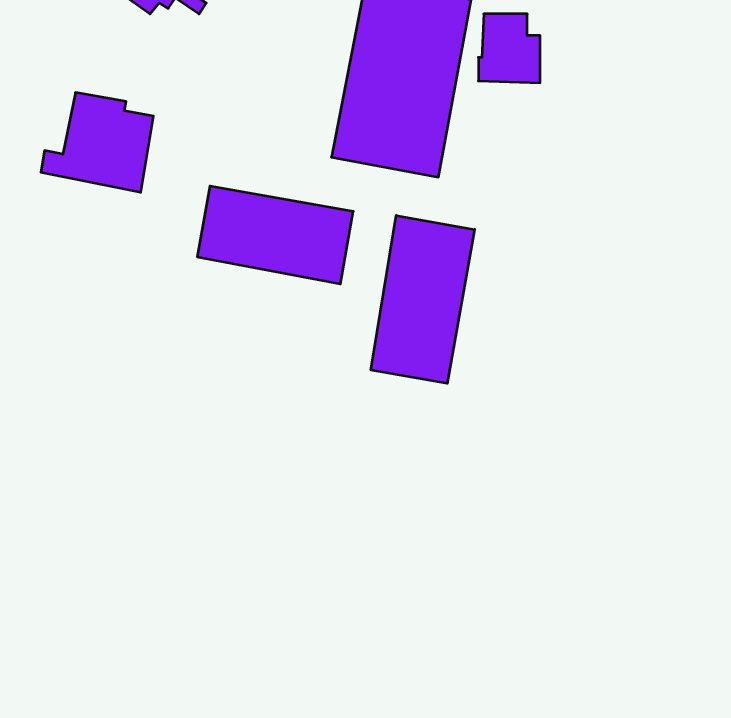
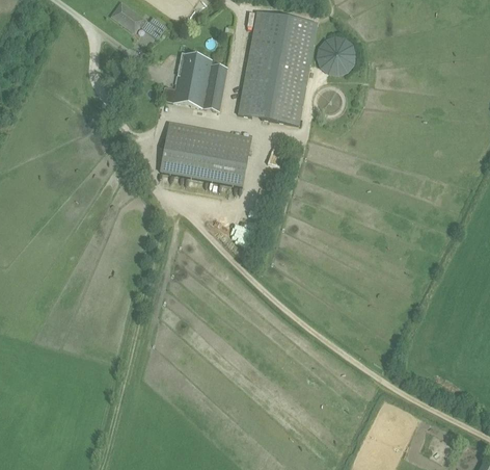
building: [41,93,153,192] -> [162,52,226,109]
building: [371,215,475,383] -> none

